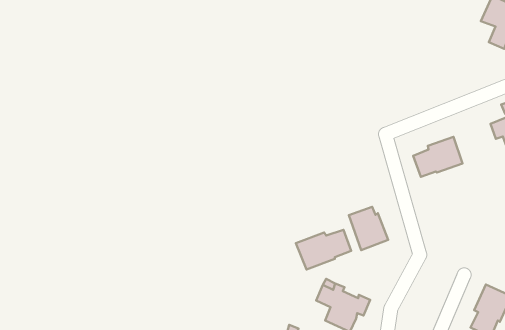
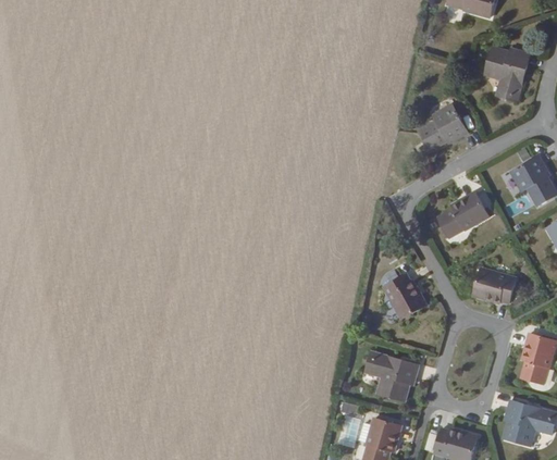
building: none -> [418,104,467,150]
building: none -> [475,271,519,304]
building: [296,230,351,270] -> none

